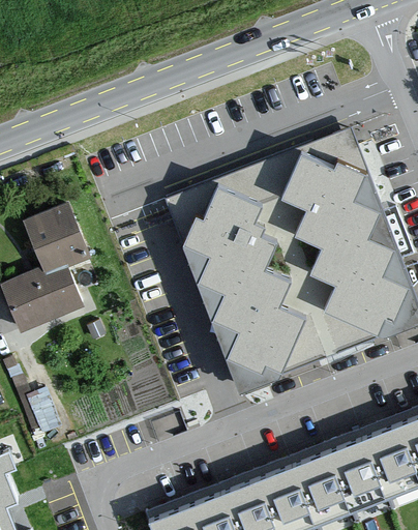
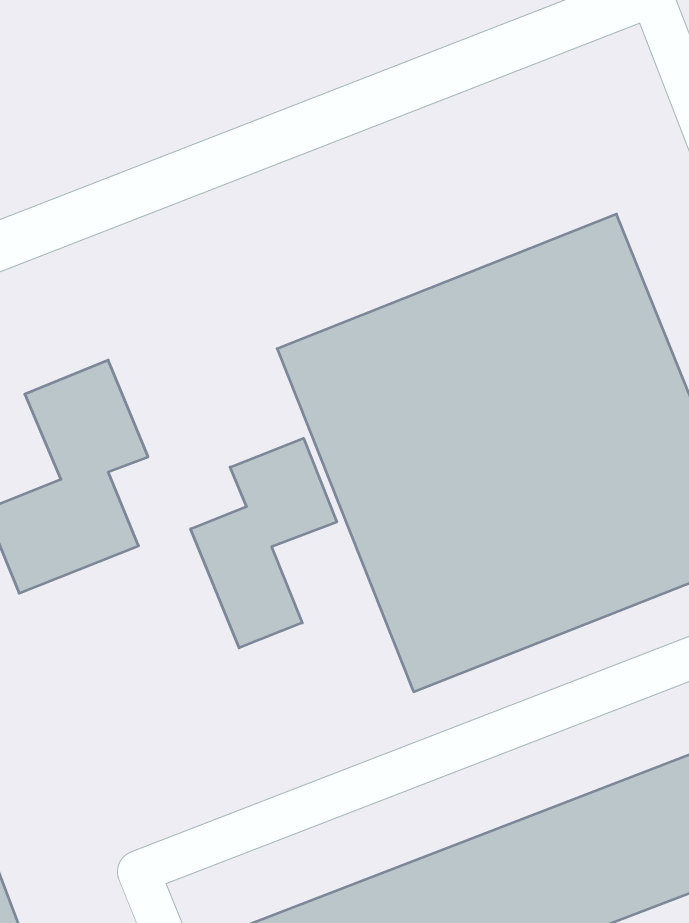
building: none -> [191,438,337,648]

